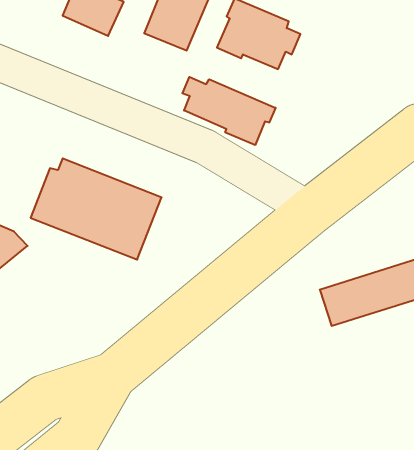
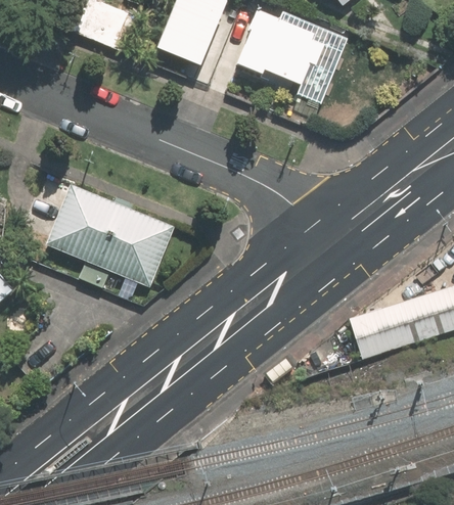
building: [182,77,276,145] -> none

